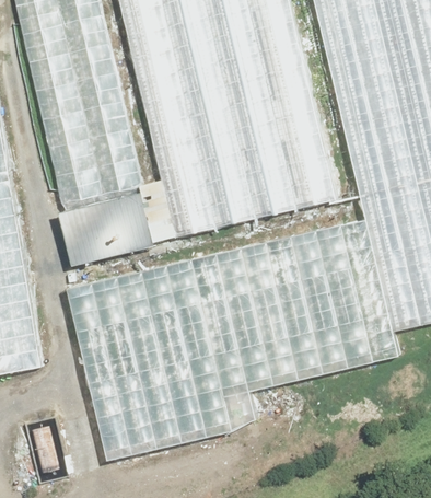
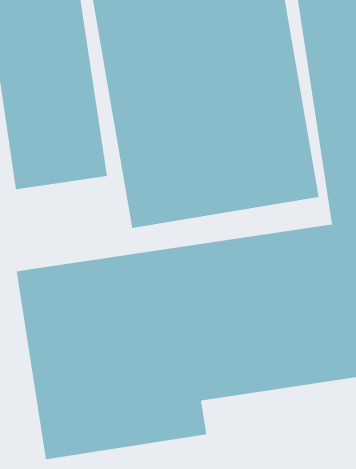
building: [61,198,154,264] -> none

